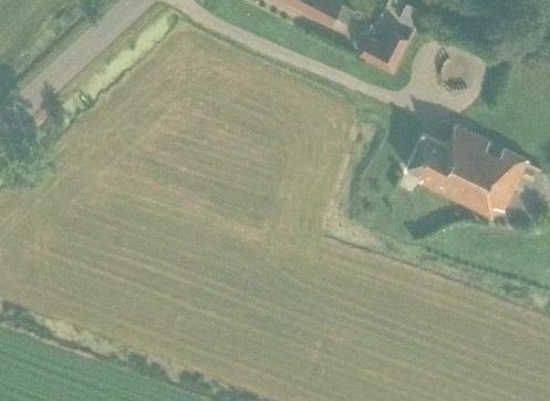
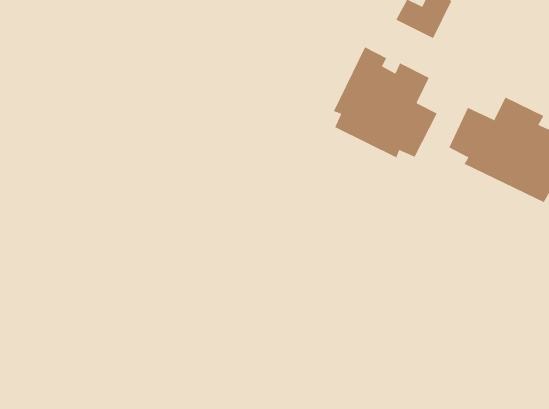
building: none -> [333,46,437,158]

